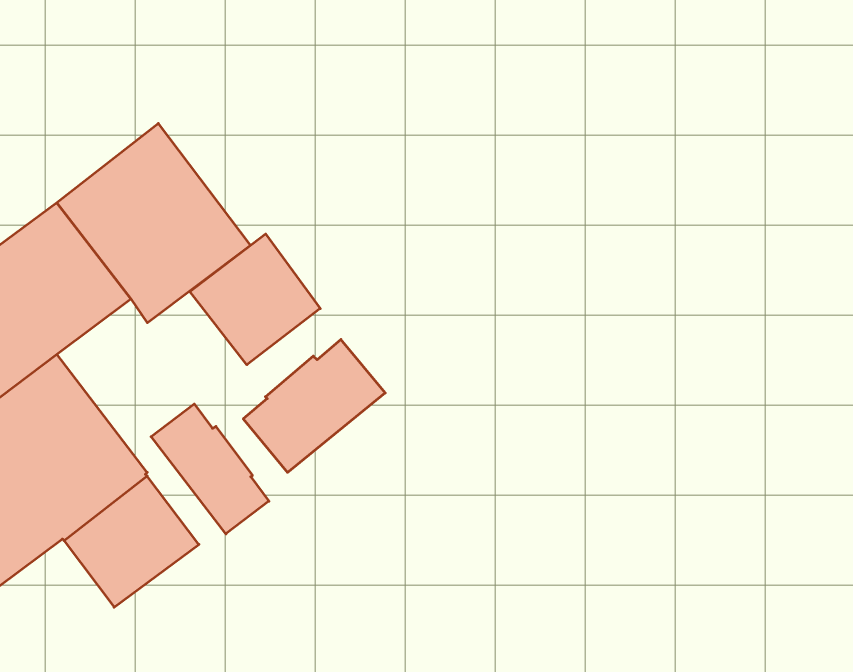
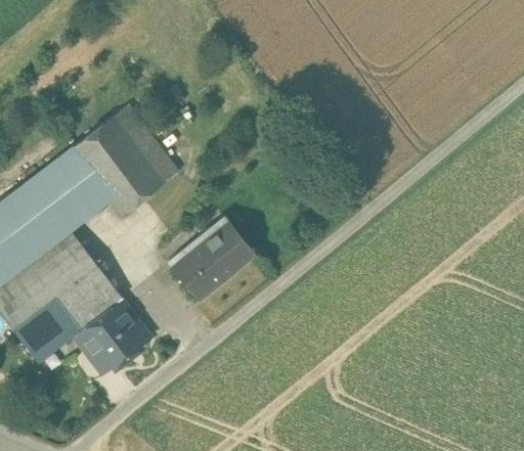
building: [190,234,320,365] -> none
building: [151,404,269,534] -> none

